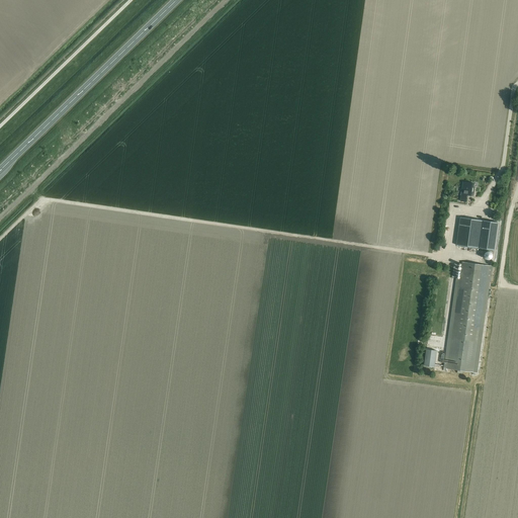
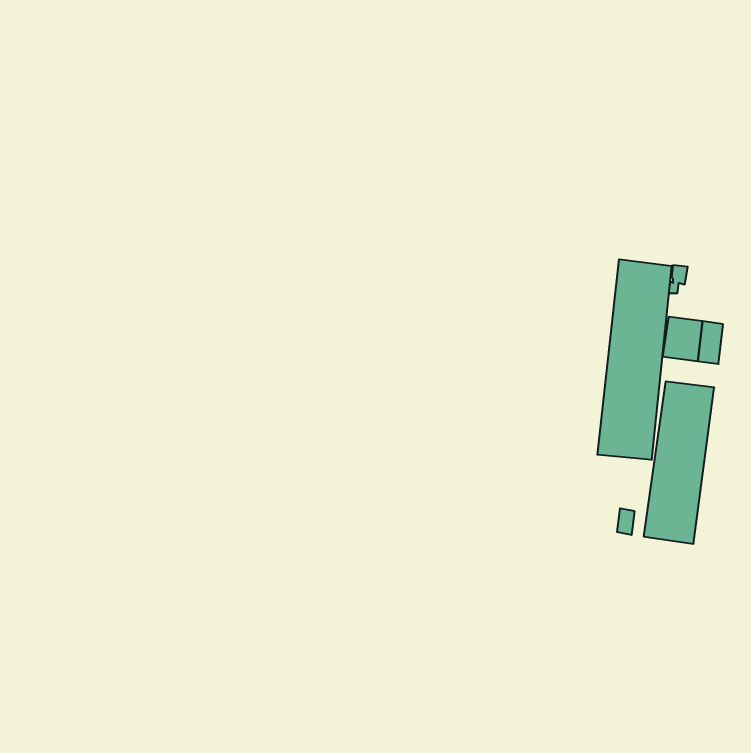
building: none -> [597,259,671,460]

